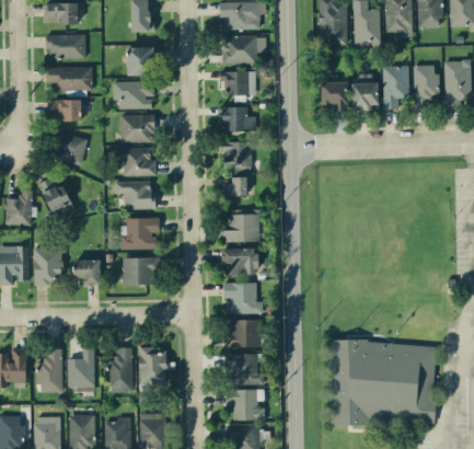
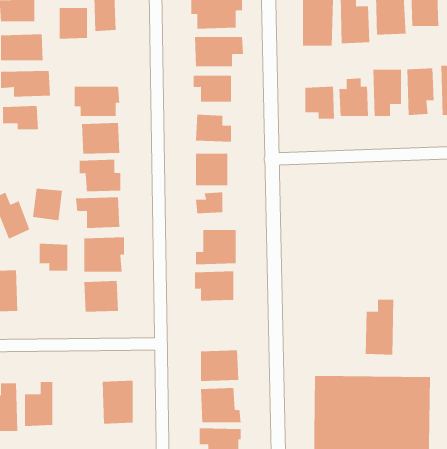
building: [127,47,153,76] -> [59,8,88,39]
building: [58,135,85,164] -> [32,188,63,221]
building: [74,260,101,285] -> [39,243,68,271]
building: none -> [365,299,394,355]
building: [223,283,262,313] -> none
building: [108,347,132,391] -> none

